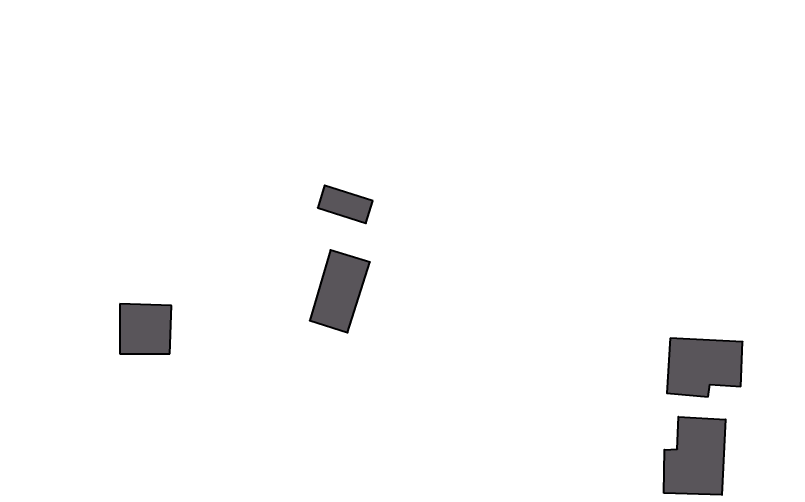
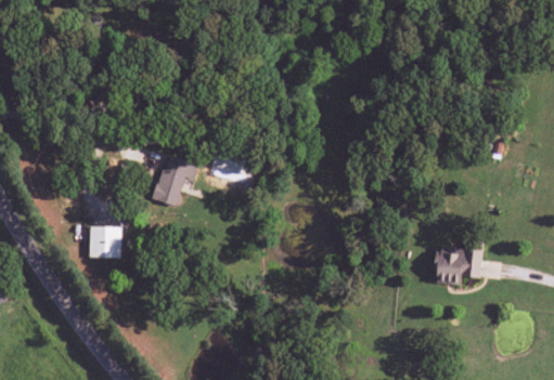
building: [310,250,370,333] -> [154,154,192,206]
building: [664,417,726,495] -> none

